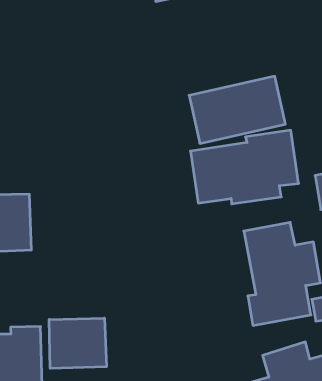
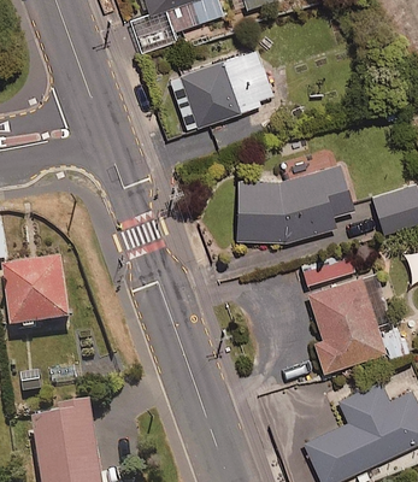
building: [189,76,285,143] -> [165,49,273,133]
building: [49,318,106,368] -> none

